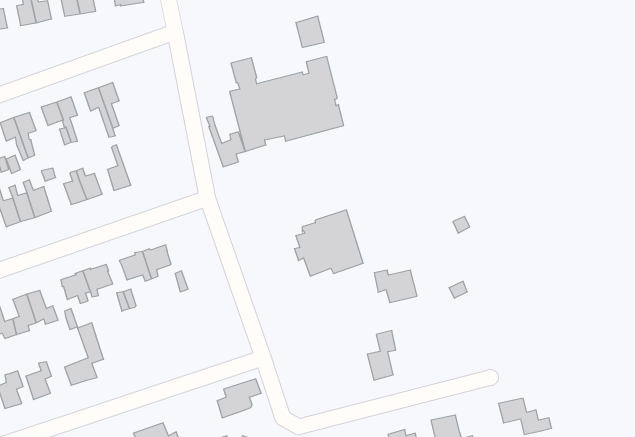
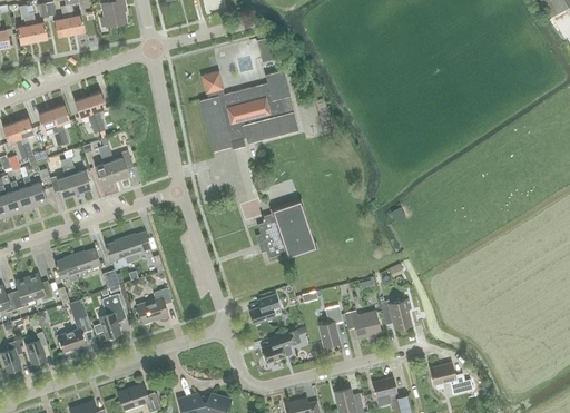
building: [206,116,245,167] -> [100,137,134,180]
building: [374,270,417,303] -> [344,311,381,338]
building: none -> [137,288,171,323]
building: none -> [98,293,124,337]
building: none -> [248,294,277,325]
building: none -> [380,298,411,328]
building: [217,379,261,418] -> [262,330,299,363]

